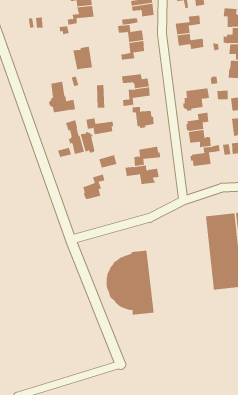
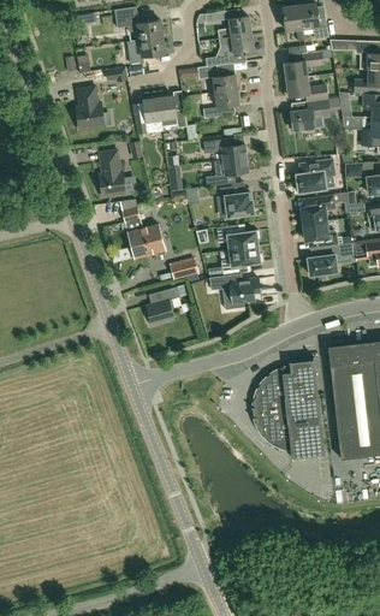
building: none -> [72,85,105,130]
building: none -> [158,95,186,129]
building: none -> [289,99,329,131]
building: [86,118,114,135] -> [218,225,260,250]
building: [106,250,154,315] -> [253,361,325,457]

